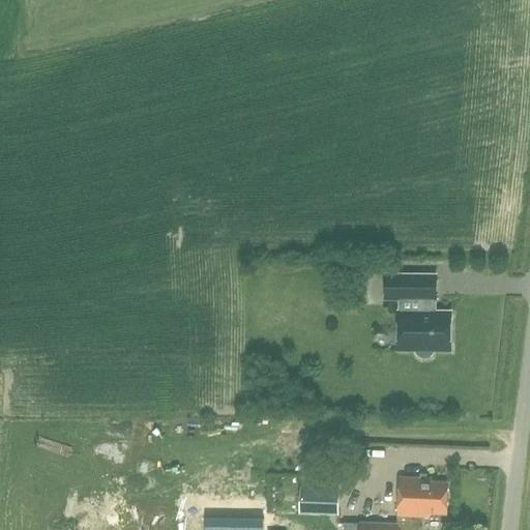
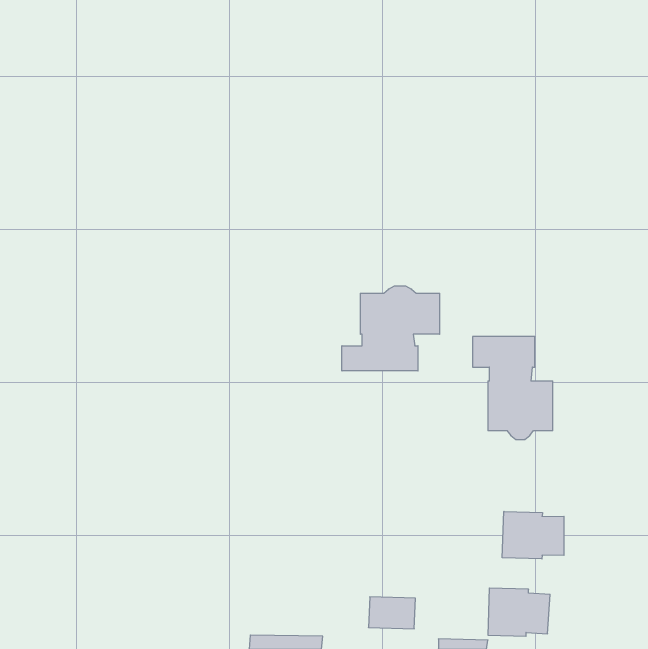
building: none -> [342,286,440,371]
building: none -> [502,511,564,559]

